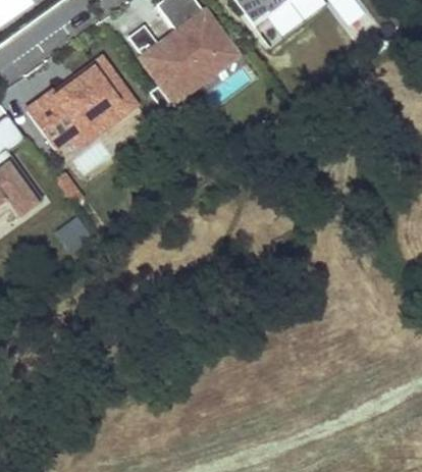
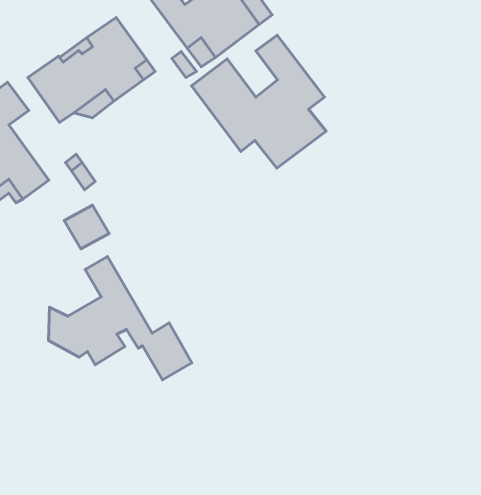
building: none -> [192,35,326,168]
building: none -> [48,257,192,380]

